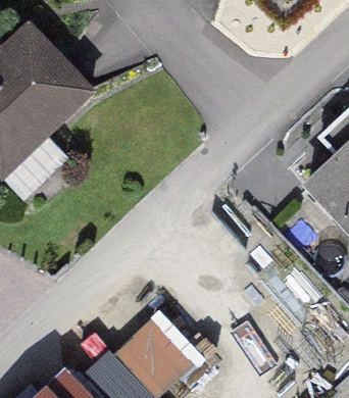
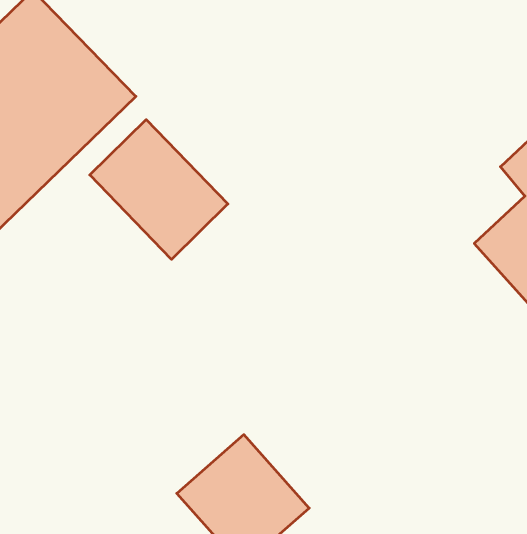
building: none -> [90,120,228,259]

